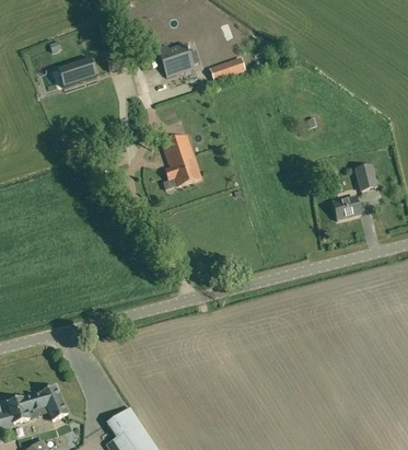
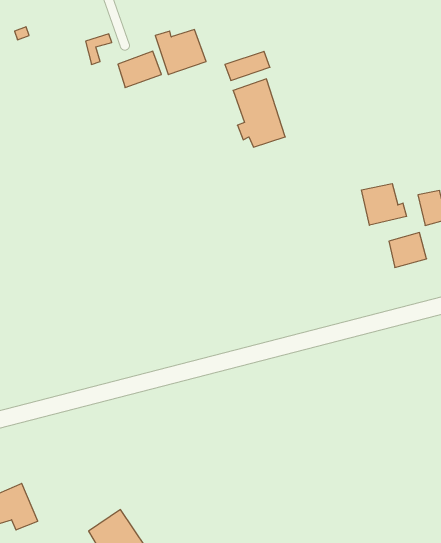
building: [63,57,96,84] -> [118,51,161,88]
building: [161,135,200,186] -> [233,79,285,147]
building: none -> [362,184,407,225]

